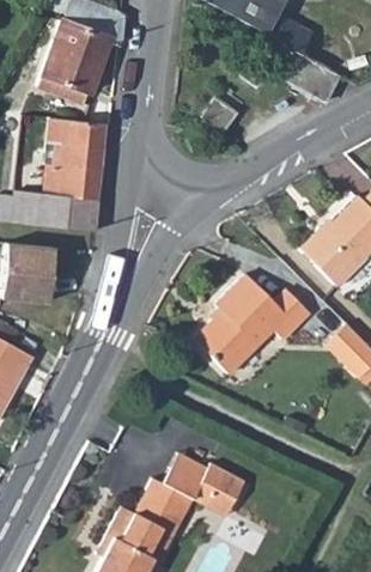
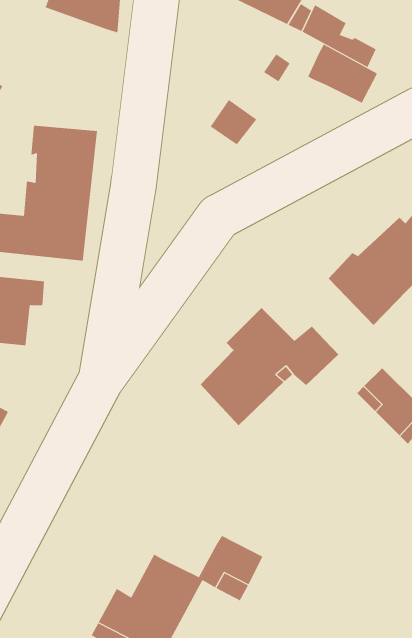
building: [39,20,112,103] -> none
building: [162,451,206,495] -> none

